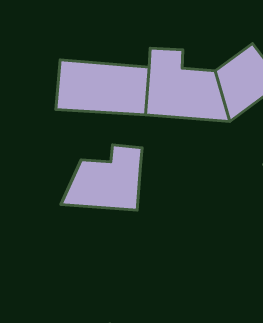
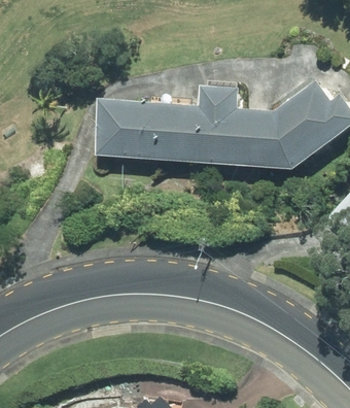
building: [61,145,142,210] -> none

